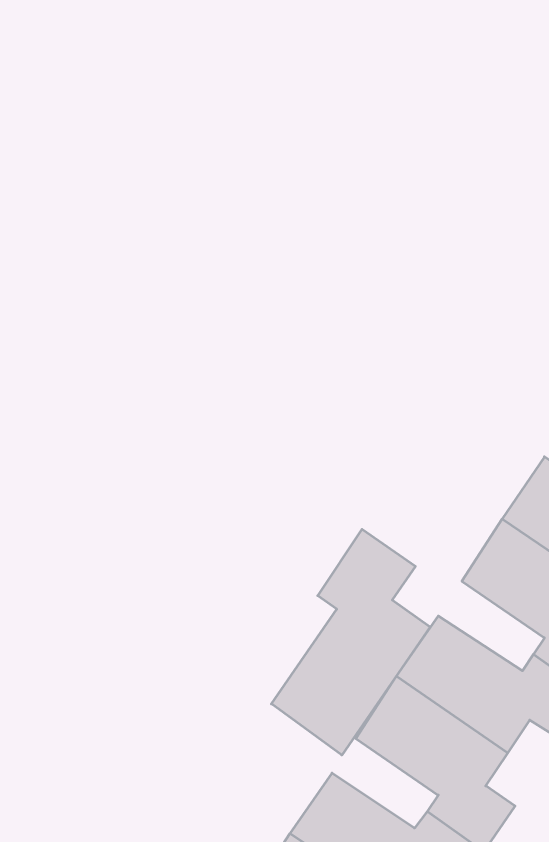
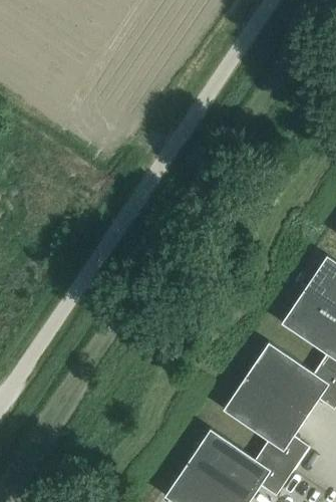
building: [271,529,430,755] -> none

